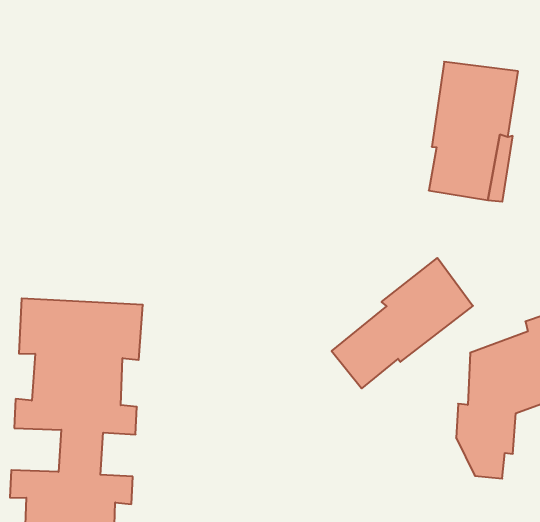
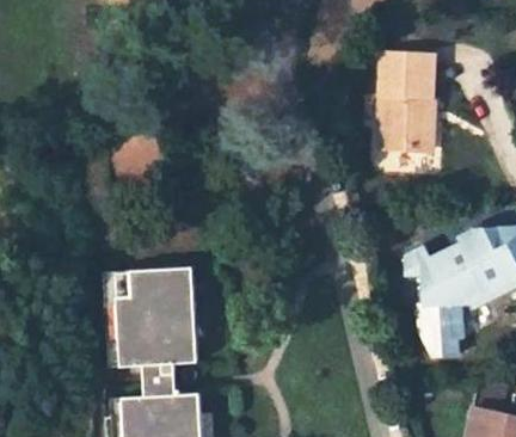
building: [332,258,473,388] -> none

